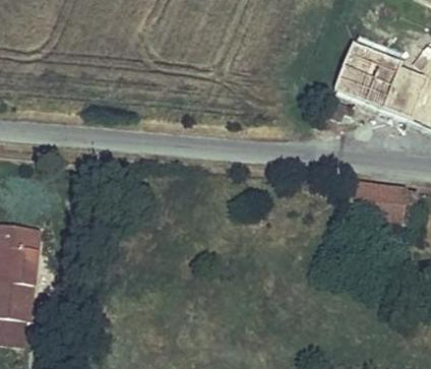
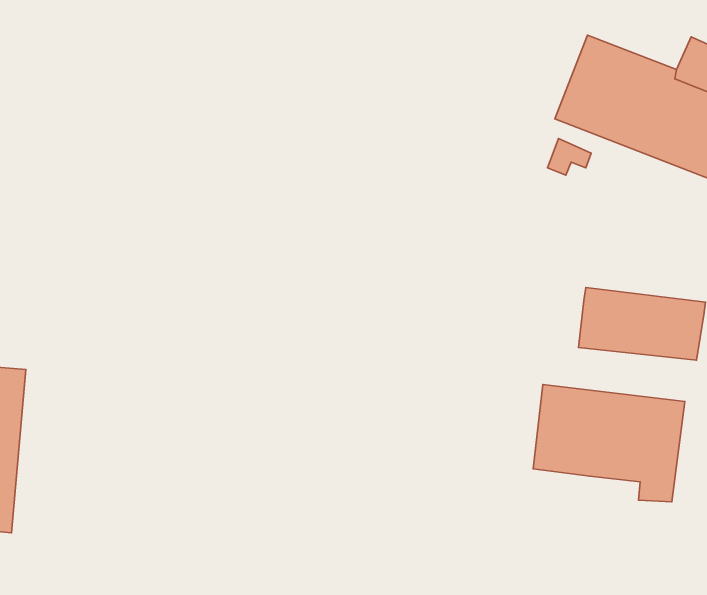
building: none -> [533,384,685,502]

